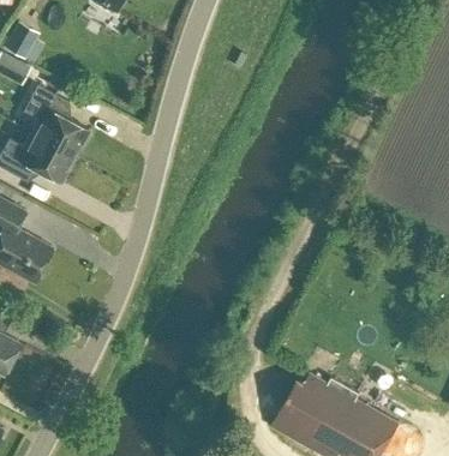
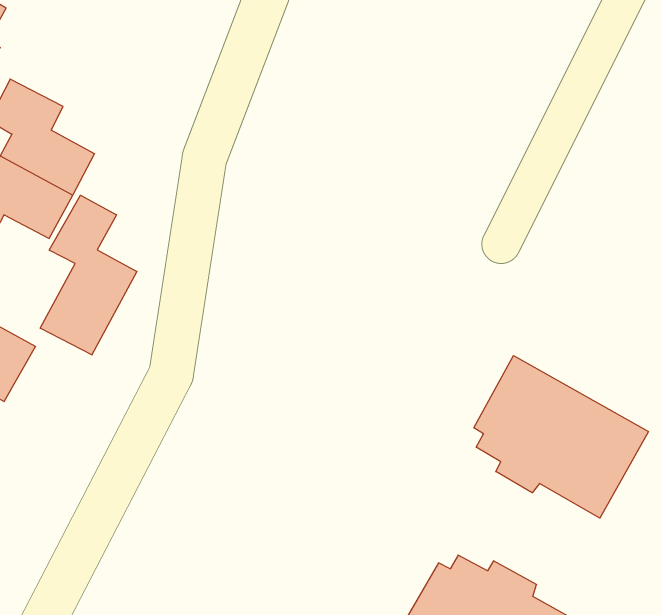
building: none -> [40,195,137,355]
building: none -> [474,356,648,518]

